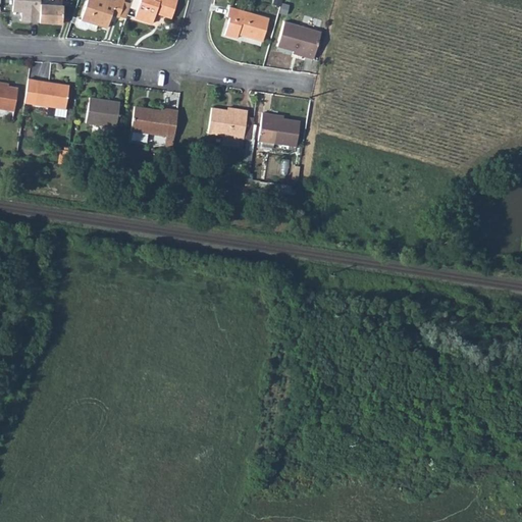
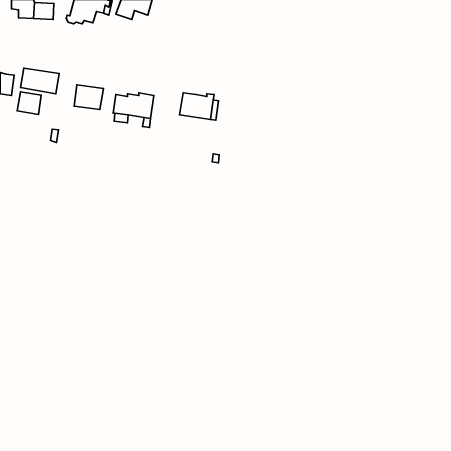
building: [224,6,269,40] -> none
building: [277,21,321,59] -> none
building: none -> [17,92,41,114]
building: [258,112,300,146] -> none

